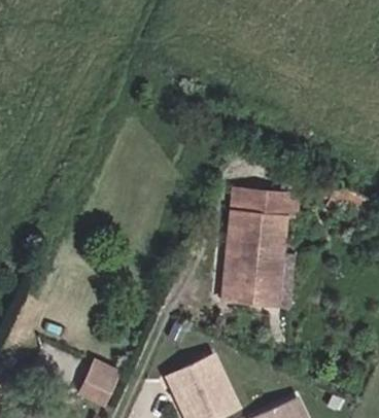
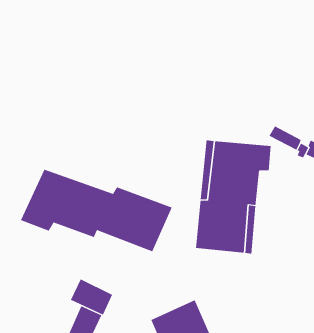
building: none -> [20,169,173,252]
building: none -> [70,278,113,316]

